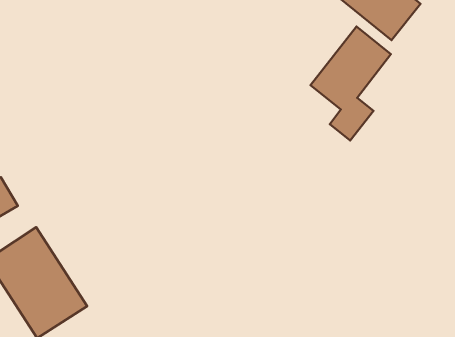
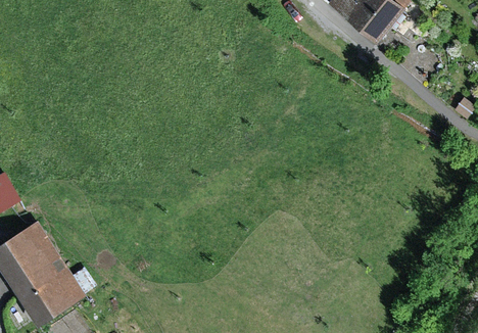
building: [310,27,391,140] -> none

